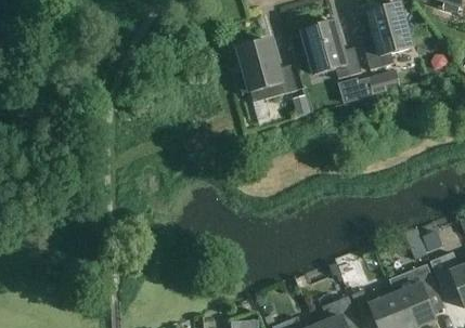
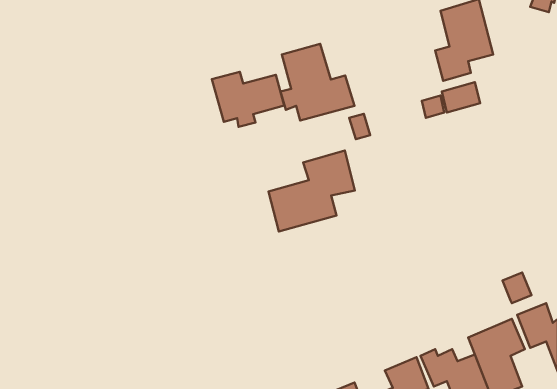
building: [302,19,362,82] -> none
building: none -> [212,72,284,127]
building: none -> [269,150,355,231]

